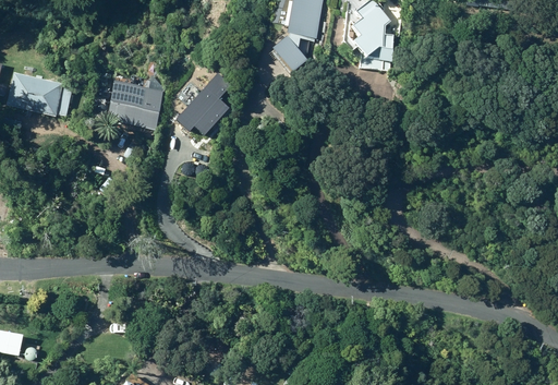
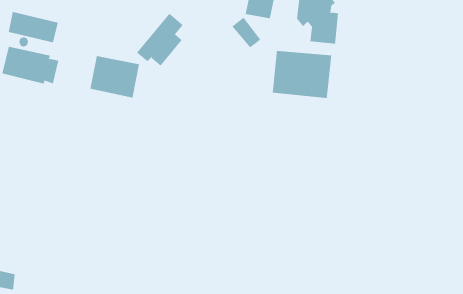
building: none -> [8,11,59,43]
building: [175,76,230,139] -> [136,13,184,67]
building: none -> [272,50,332,99]

